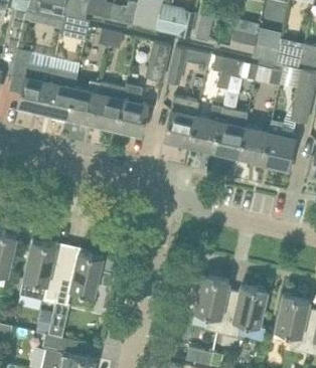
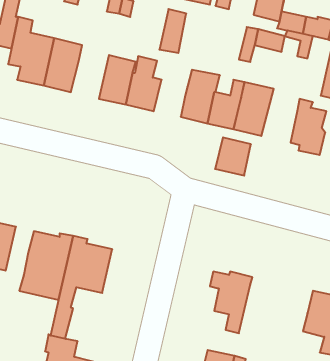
building: [169,47,210,84] -> none
building: [66,81,101,123] -> none
building: [238,128,270,162] -> [215,137,251,176]
building: [217,286,268,337] -> none

